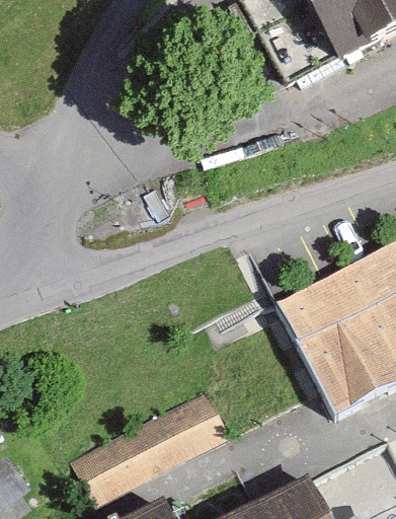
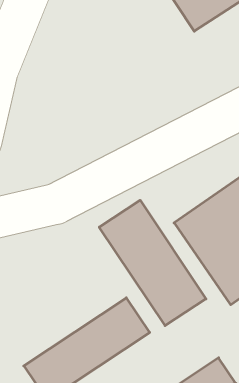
building: none -> [99,200,206,326]

